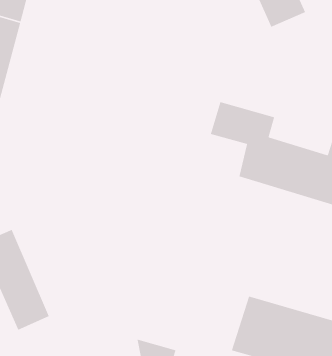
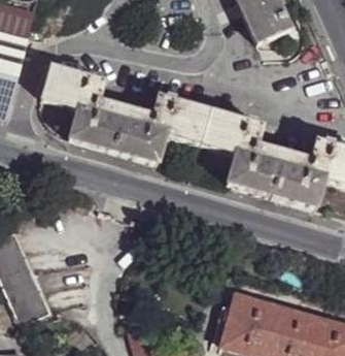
building: none -> [41,66,208,165]

